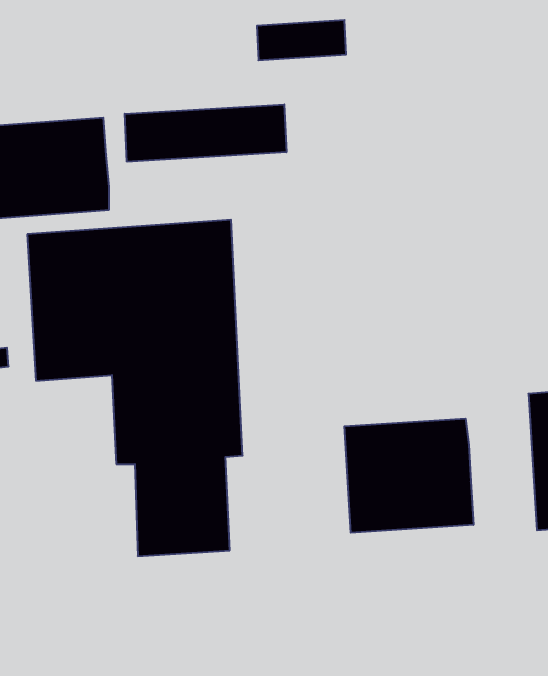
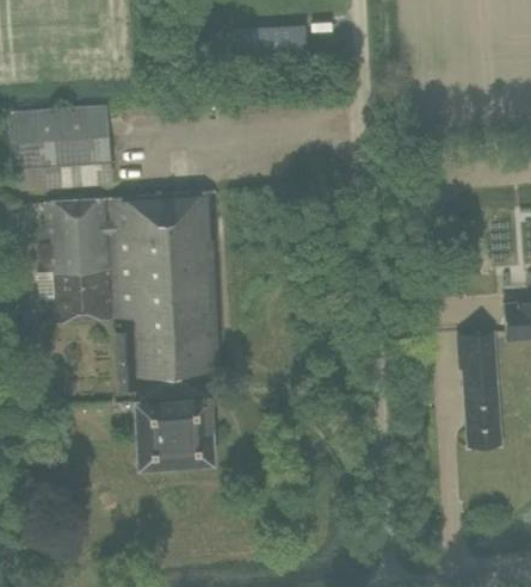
building: [125,104,286,162] -> none
building: [344,419,473,533] -> none

